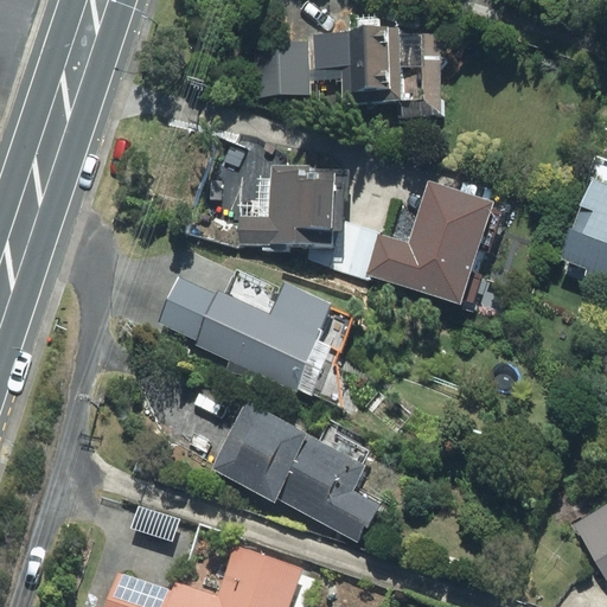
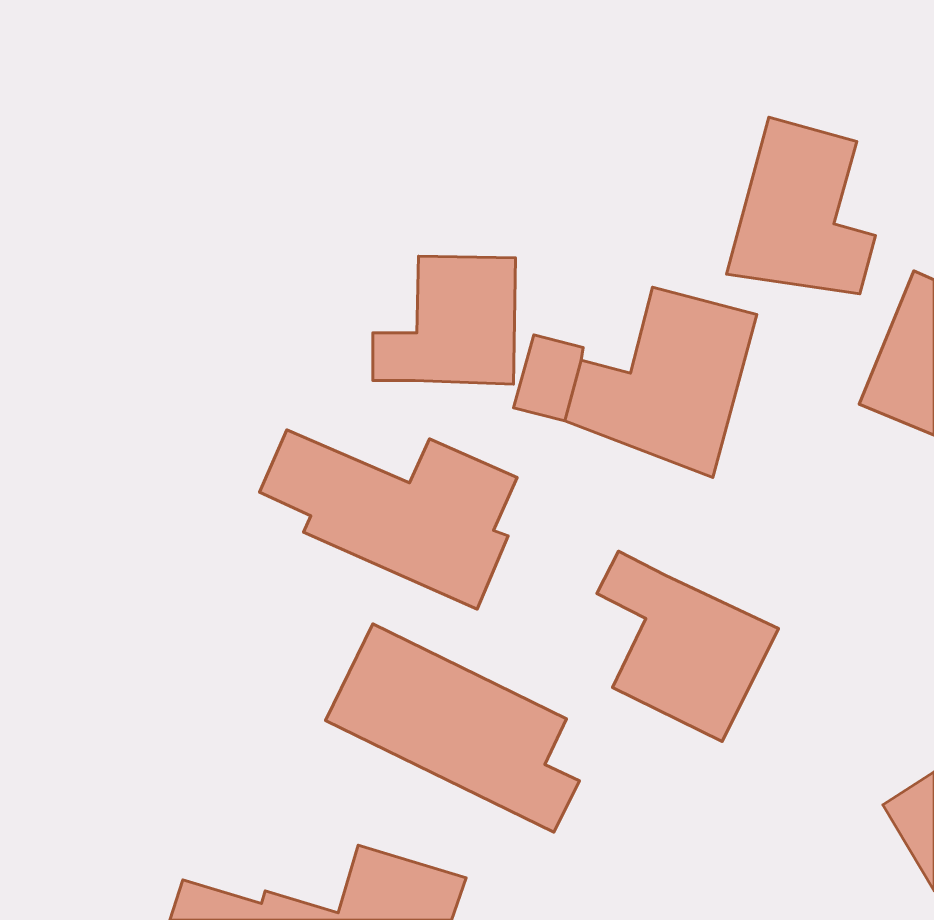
building: [258,31,445,114] -> none
building: none -> [727,117,875,294]
building: none -> [597,551,778,741]

